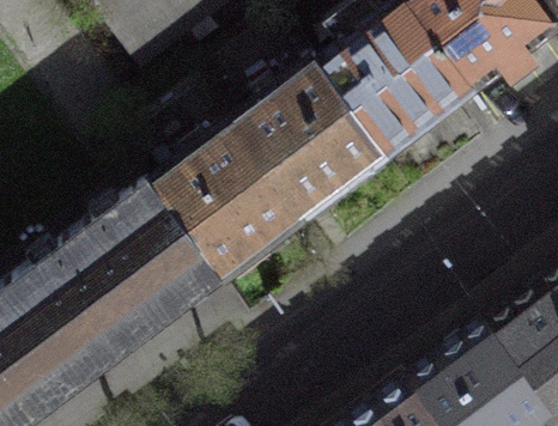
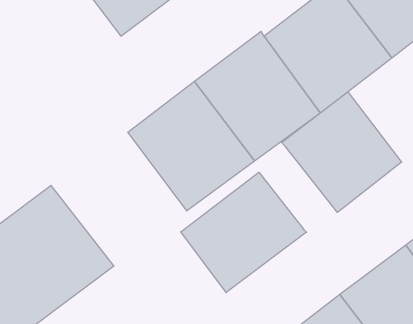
building: none -> [282,92,402,212]
building: [73,169,238,335] -> none
building: none -> [181,172,307,293]

